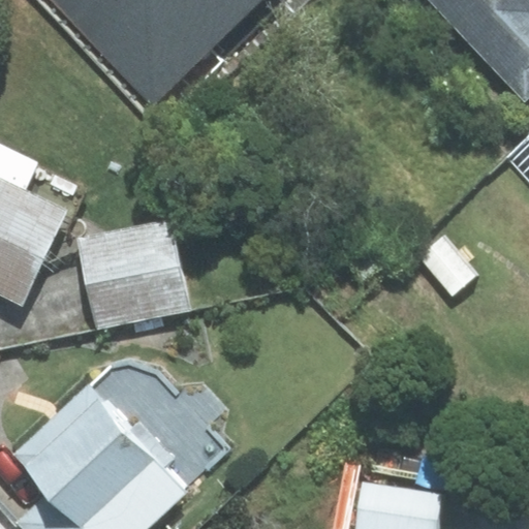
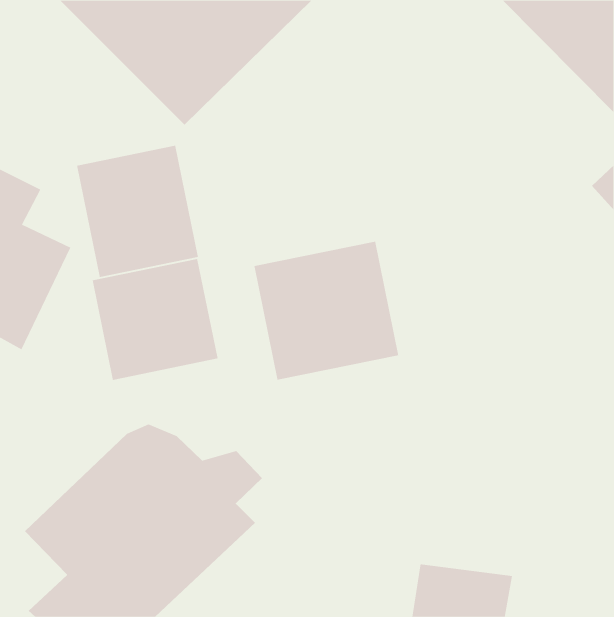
building: none -> [76,145,199,278]
building: none -> [254,241,399,381]

